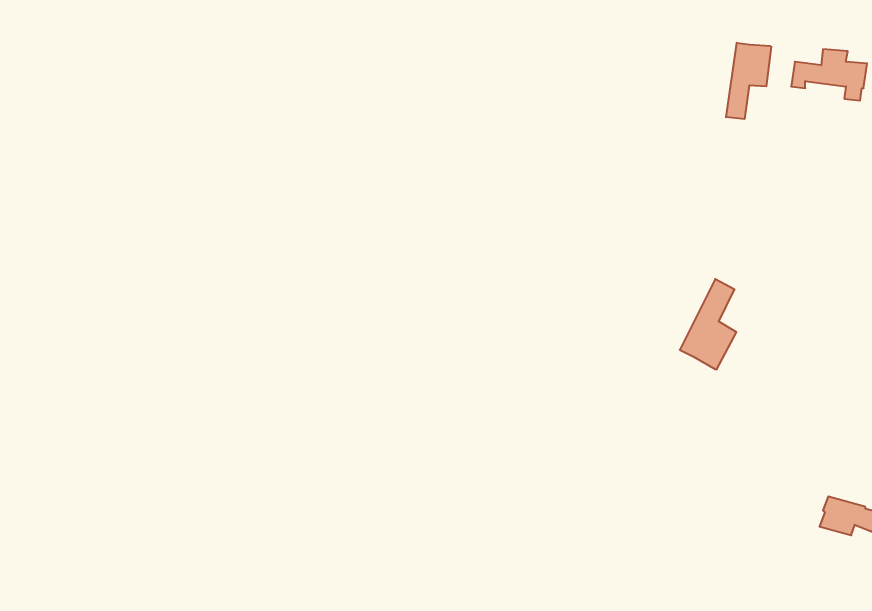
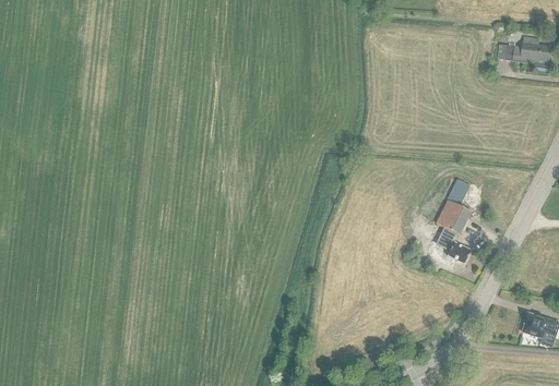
building: [726,43,771,119] -> none
building: none -> [436,226,469,262]

